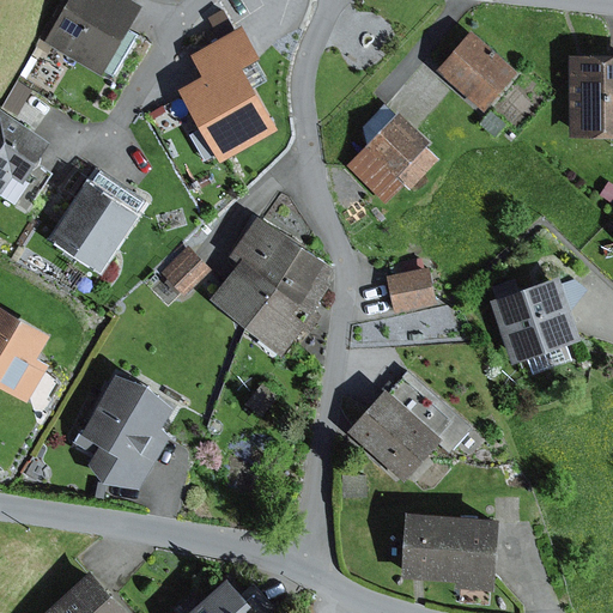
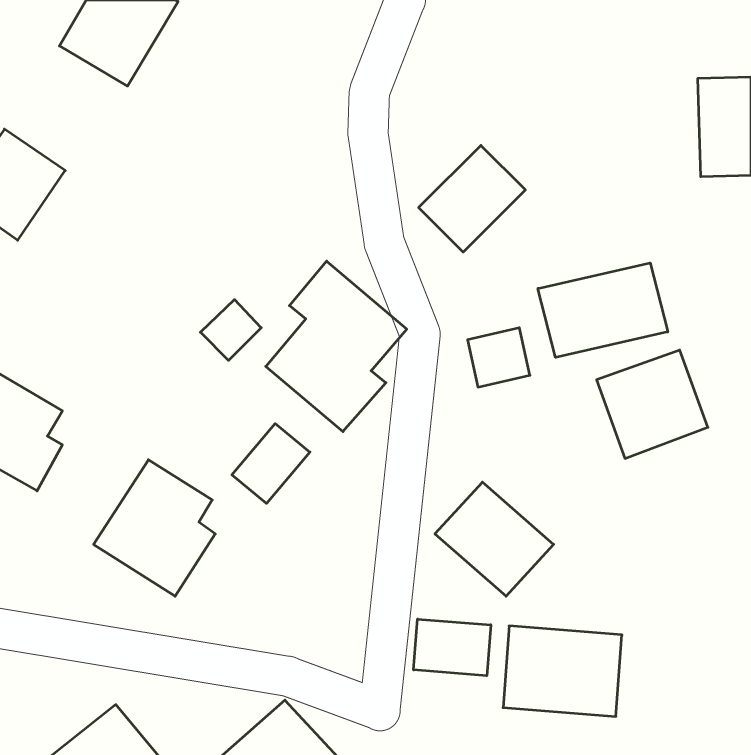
building: [170,31,268,168] -> none
building: [429,37,512,120] -> none
building: [53,180,138,267] -> none
building: none -> [538,263,668,357]
building: none -> [232,424,310,503]
building: none -> [414,619,491,676]

